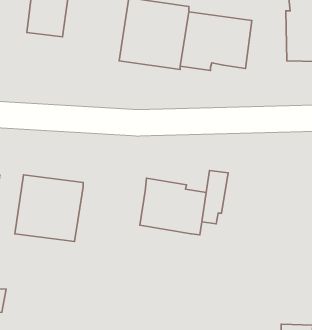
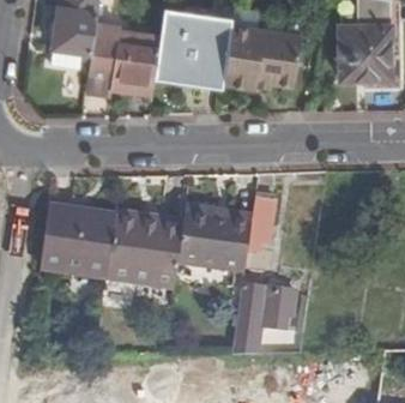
building: none -> [87,25,159,91]
building: none -> [105,217,183,287]
building: none -> [231,283,303,351]

